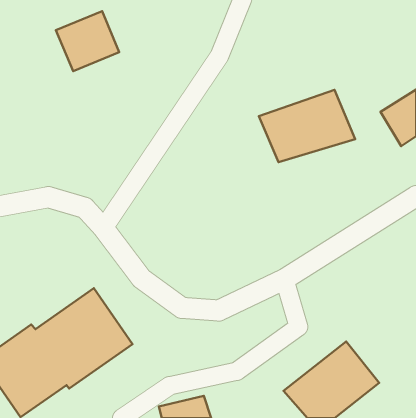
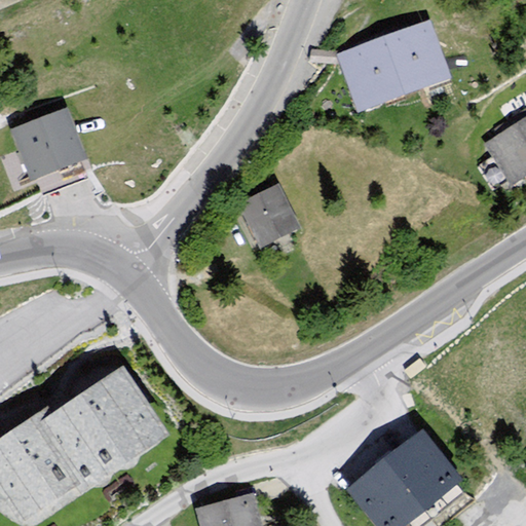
building: [56,11,119,71] -> [4,106,83,181]
building: [259,90,355,162] -> [337,24,457,114]
building: none -> [239,189,305,254]

